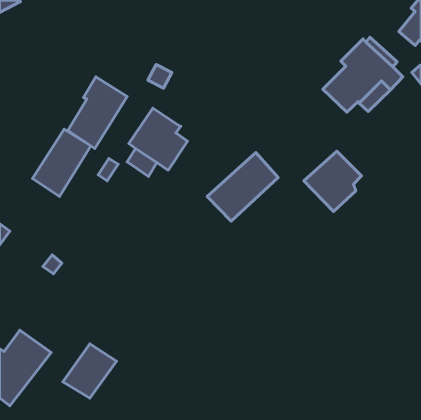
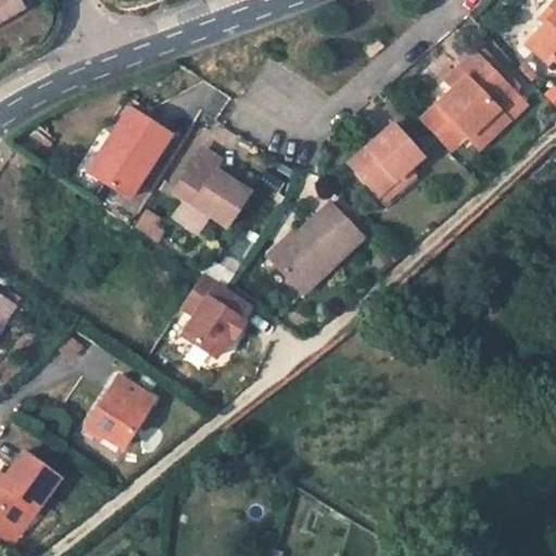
building: [32,129,91,196] -> none
building: [304,151,362,211] -> [350,126,426,205]
building: none -> [177,276,247,359]
building: [63,344,116,398] -> [90,367,161,439]

